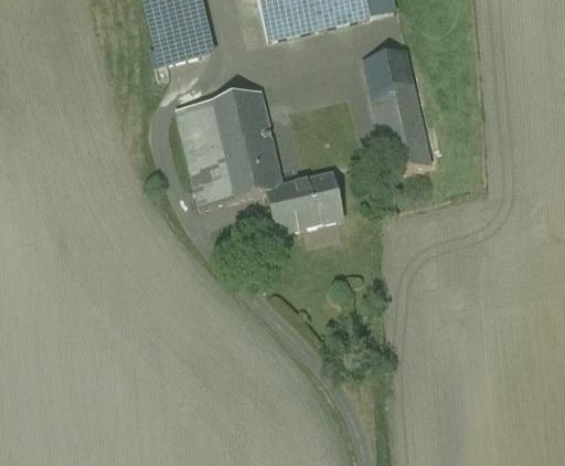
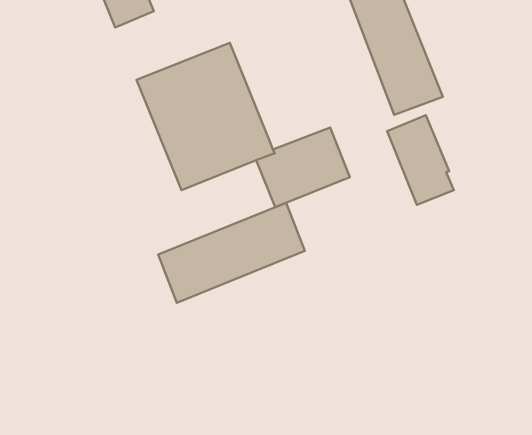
building: none -> [387,115,454,205]
building: none -> [158,203,305,303]

